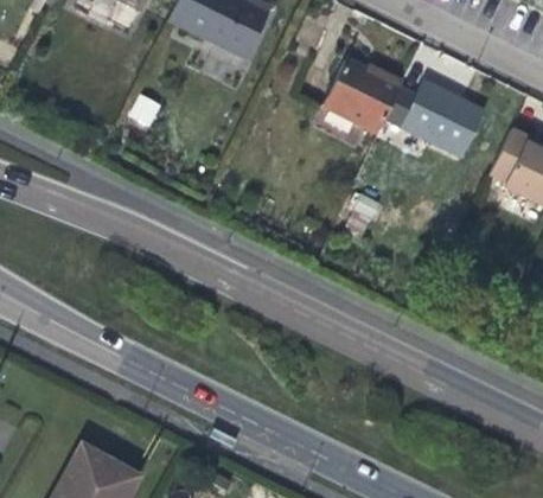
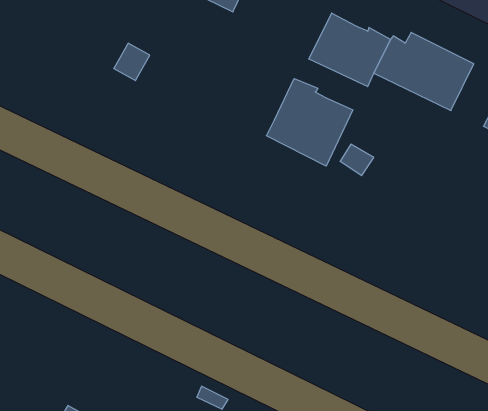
building: none -> [266,79,353,166]

